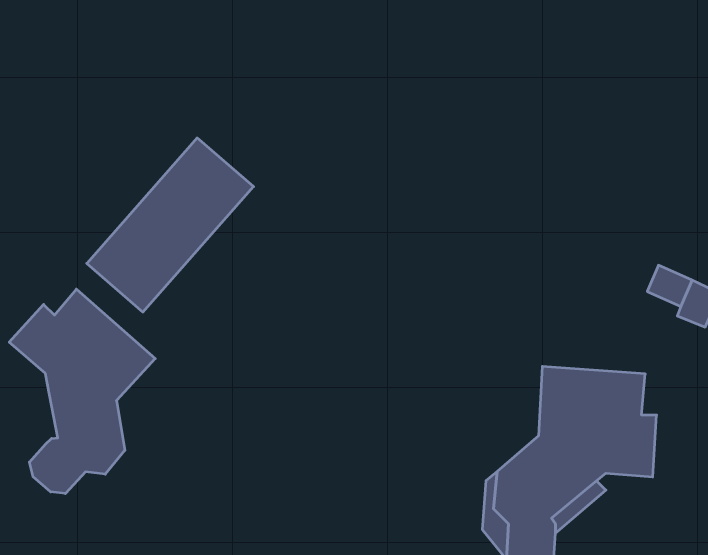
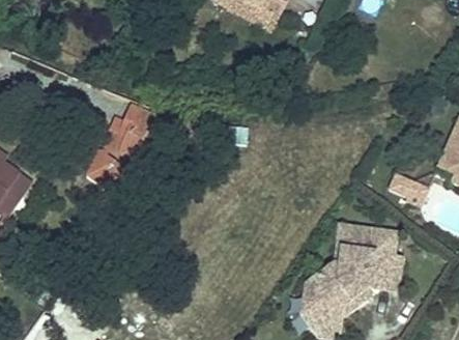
building: [9,289,155,494] -> none

